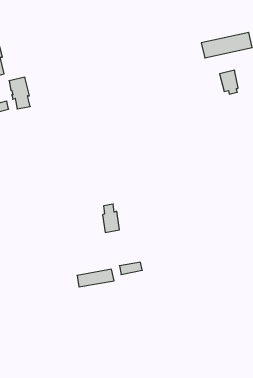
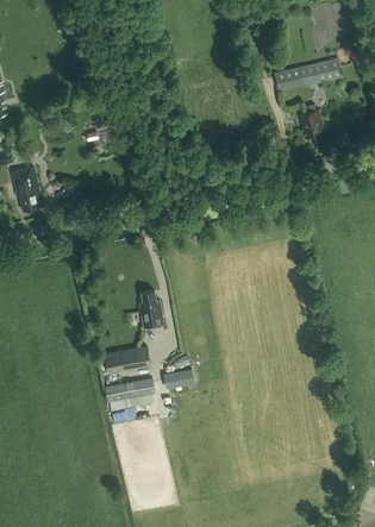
building: [9,77,30,109] -> [12,168,40,211]
building: none -> [105,346,151,374]

